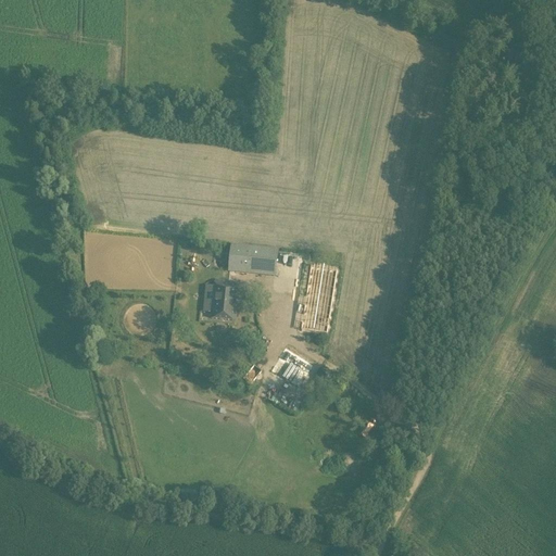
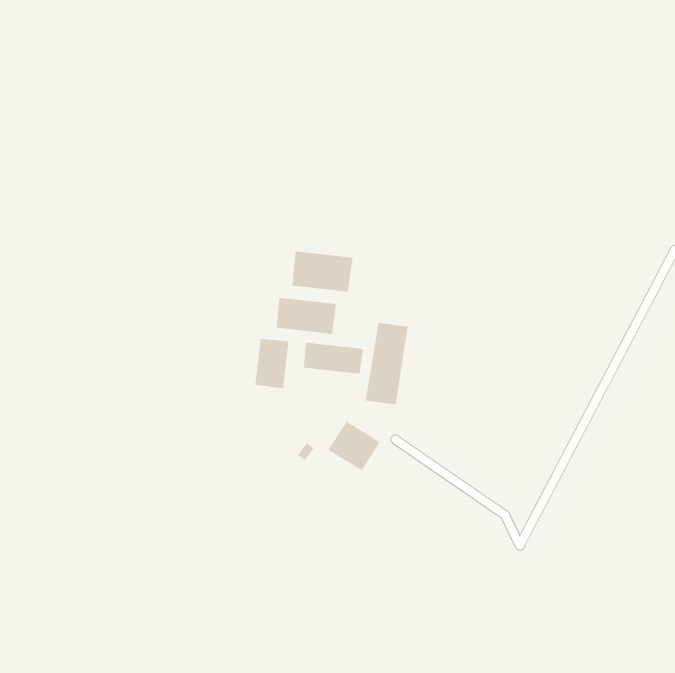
building: none -> [292,251,353,292]
building: none -> [303,342,364,374]

